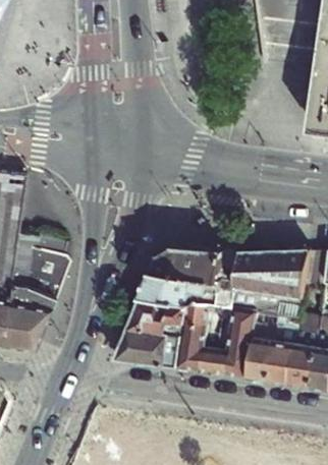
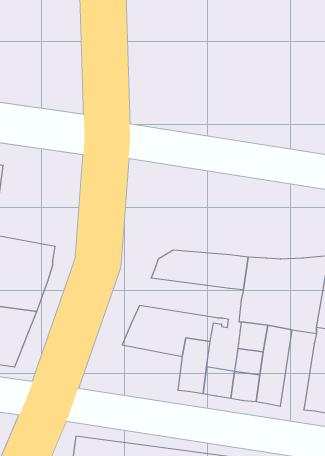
building: [141,271,230,309] -> none
building: [265,316,296,387] -> none
building: [113,330,178,369] -> none

